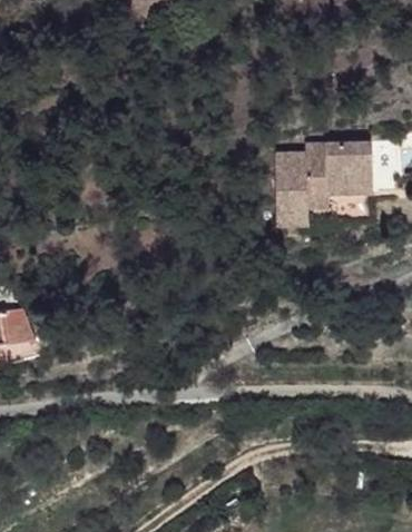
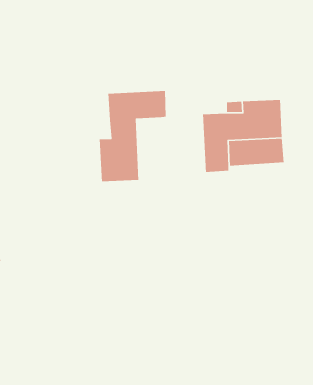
building: none -> [99,90,167,182]

